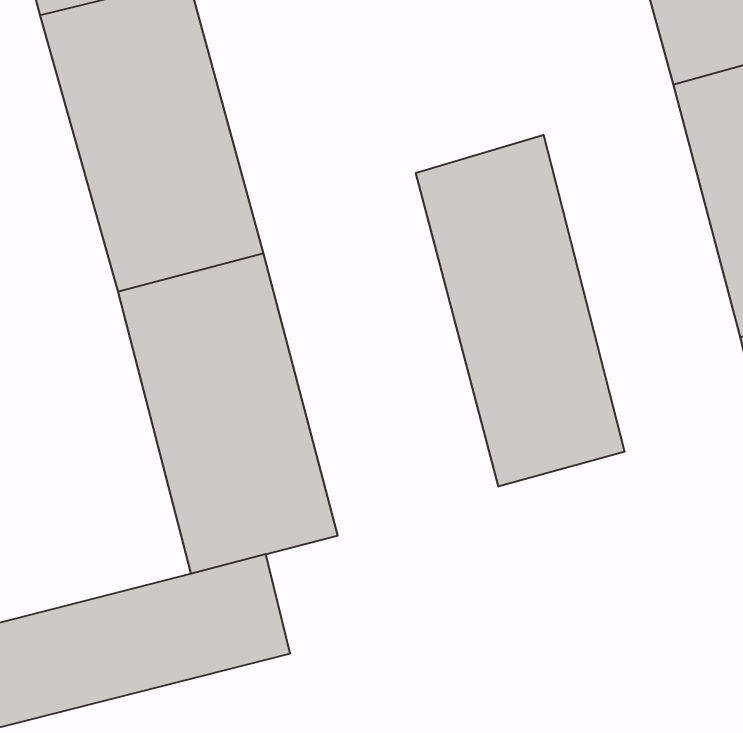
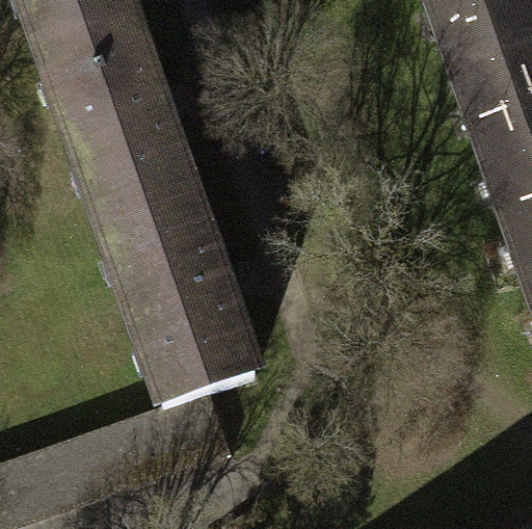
building: [416,135,625,486] -> none

